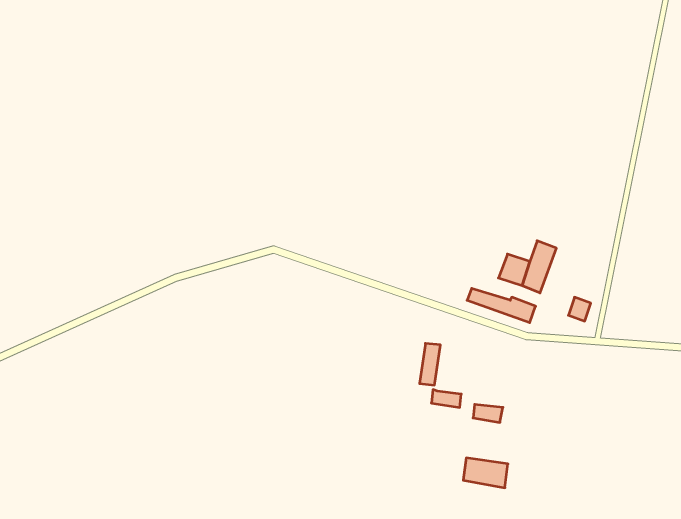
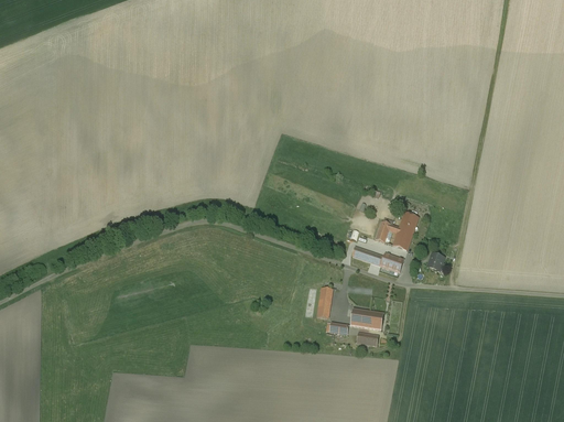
building: [463,458,508,488] -> [350,307,383,329]

